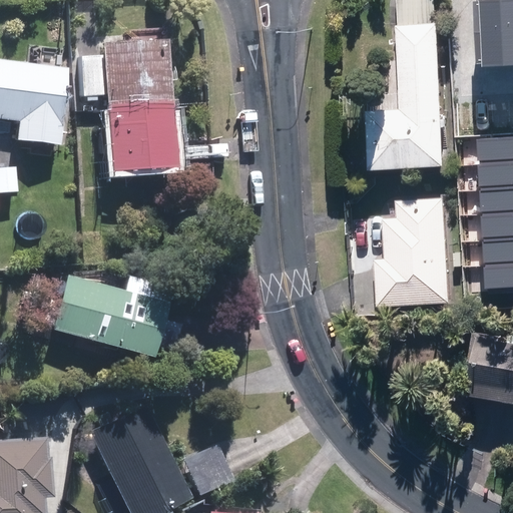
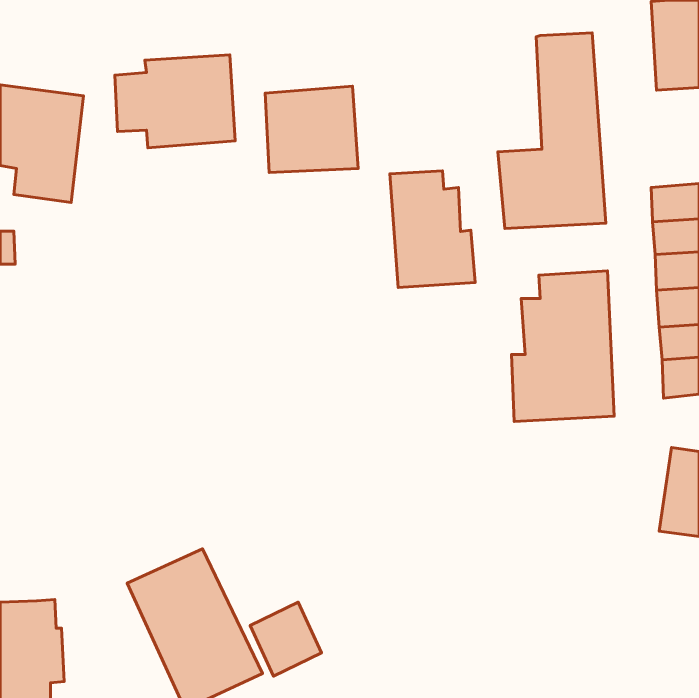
building: [108,104,176,167] -> [265,86,358,172]
building: none -> [390,171,475,288]
building: [53,272,167,354] -> none

